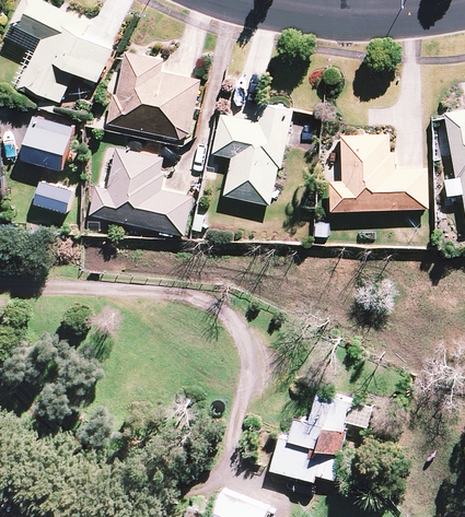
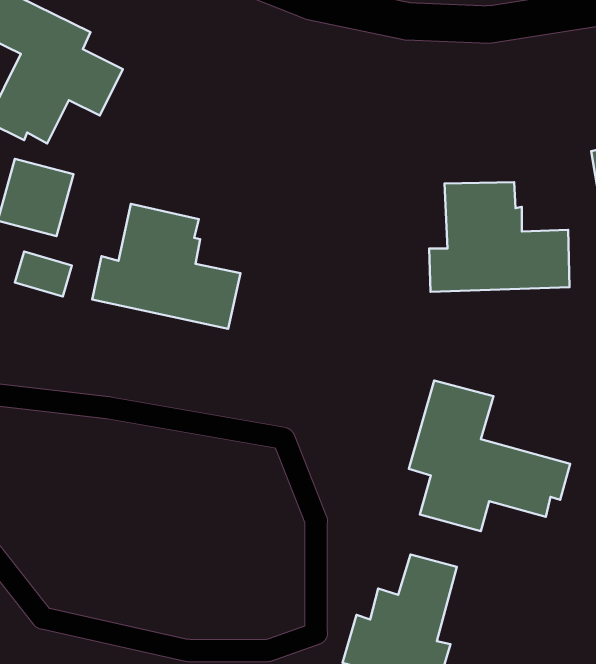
building: [104,55,199,142] -> none
building: [212,103,294,205] -> none
building: none -> [409,380,570,531]

